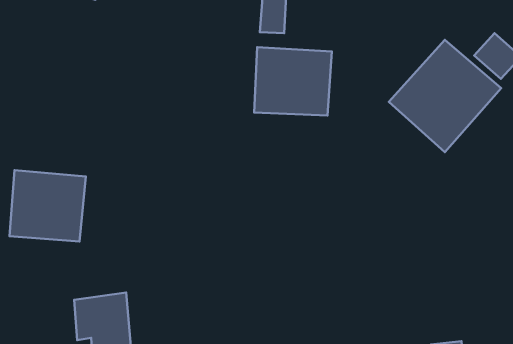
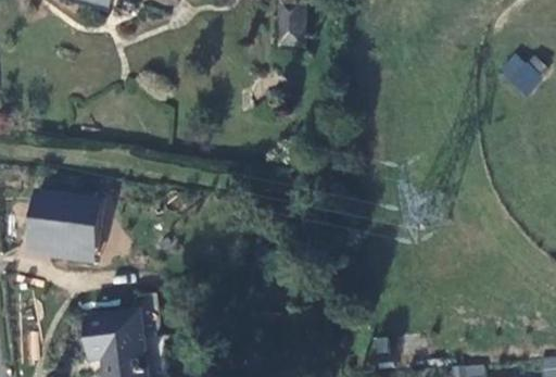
building: [389,40,501,152] -> none
building: [254,47,332,115] -> none

